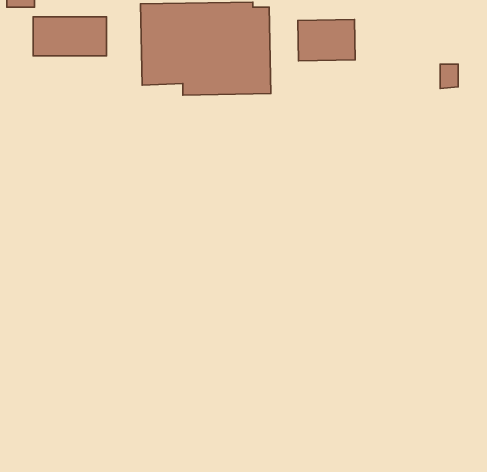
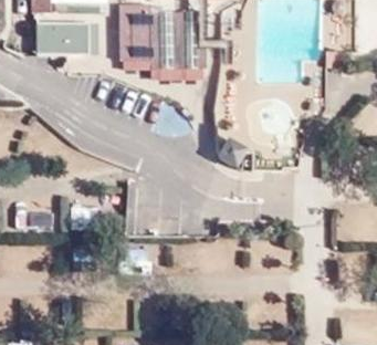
building: [298,19,355,61] -> none

